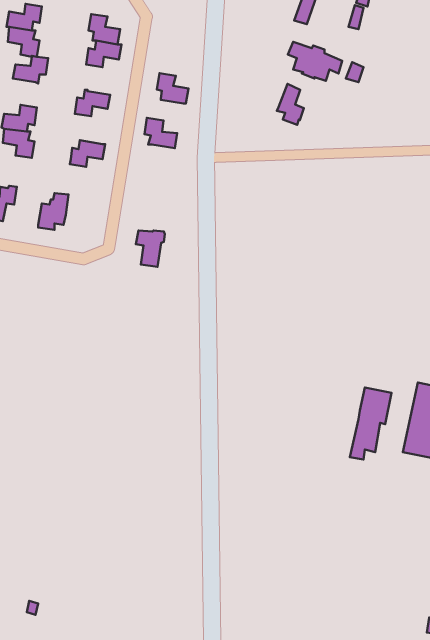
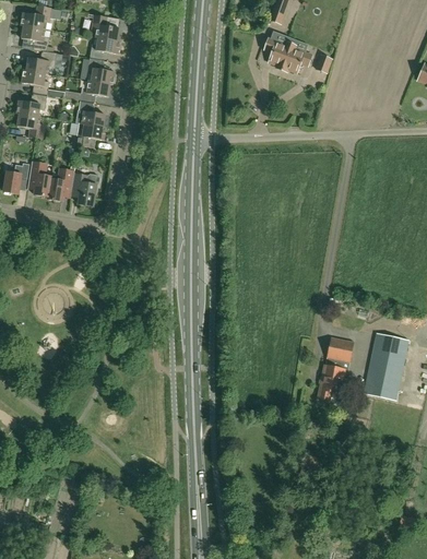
building: [157,73,188,104] -> [87,57,115,83]
building: none -> [22,68,64,97]
building: [277,84,304,125] -> none
building: [144,118,177,148] -> [78,99,106,126]
building: none -> [27,160,51,195]
building: [136,230,165,267] -> [74,173,99,204]

